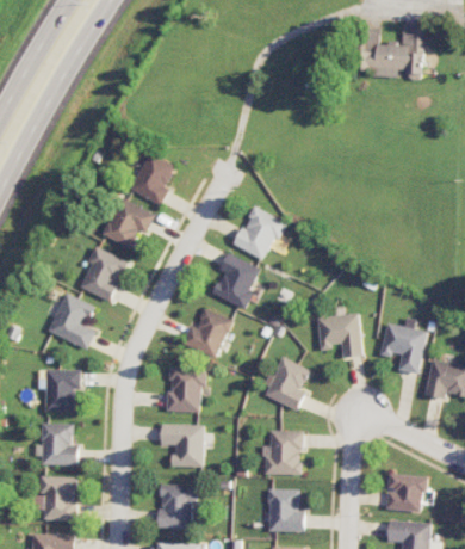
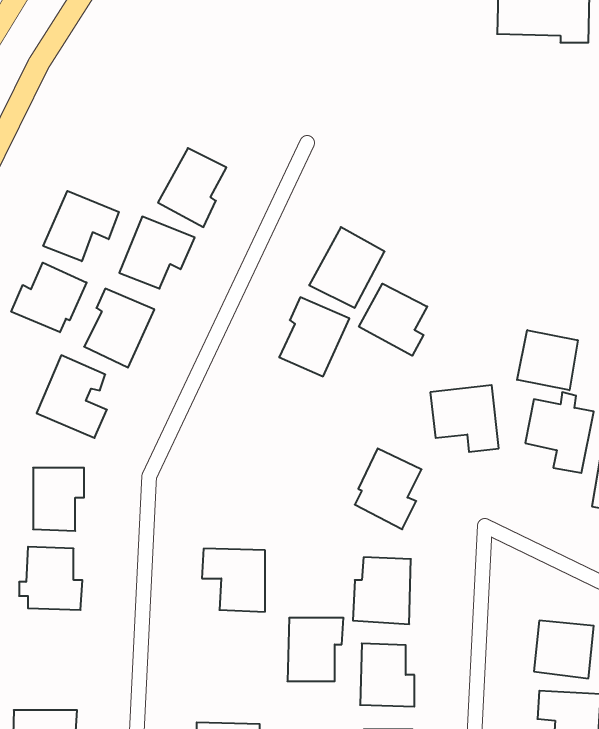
building: none -> [43,191,119,261]
building: none -> [11,263,87,332]
building: none -> [359,284,427,356]
building: none -> [517,330,578,390]
building: [181,308,231,358] -> none
building: [167,366,205,412] -> none
building: [32,476,76,519] -> none
building: [159,485,197,528] -> [287,618,344,681]

